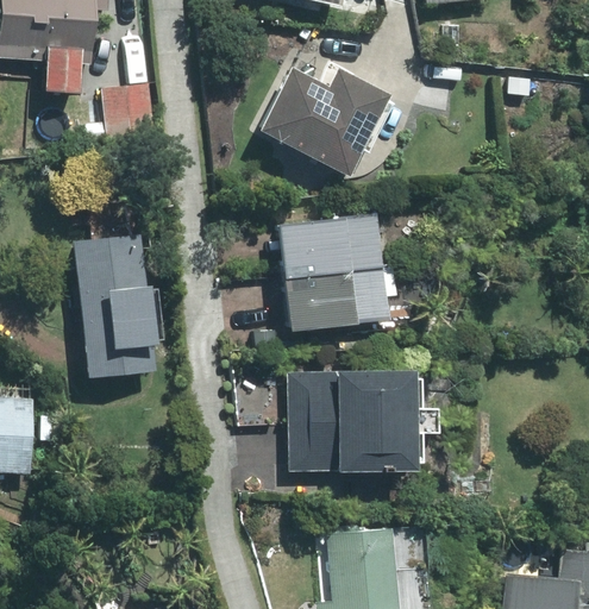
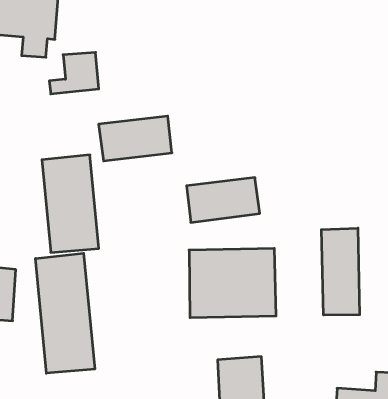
building: [258,67,393,175] -> none
building: [277,213,384,278] -> [99,116,172,161]
building: none -> [321,228,360,315]
building: none -> [36,253,95,373]

